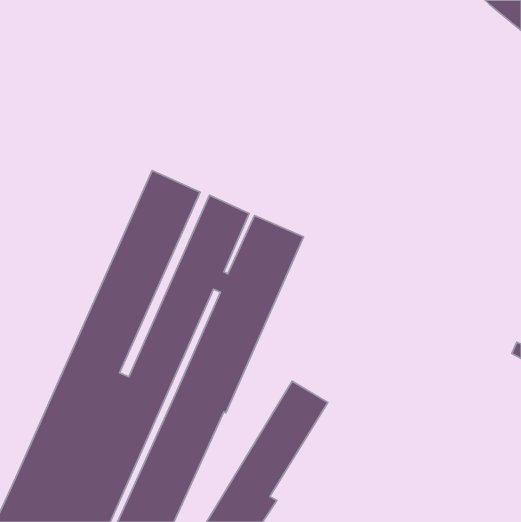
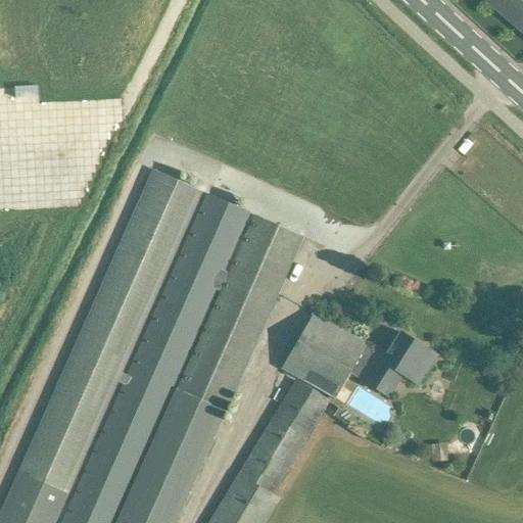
building: none -> [283,315,436,400]

